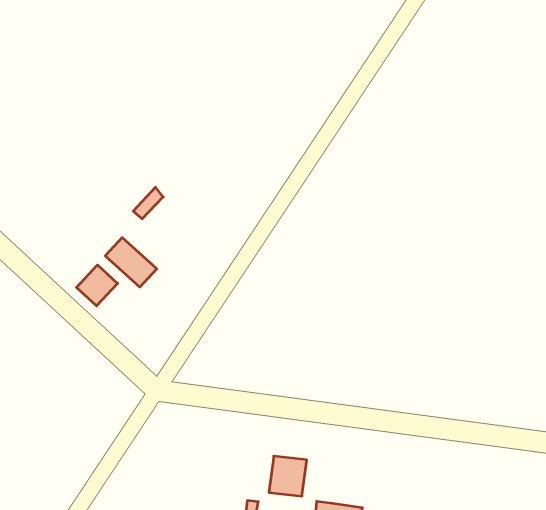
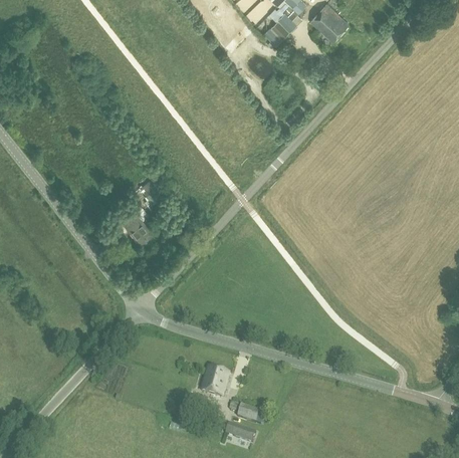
building: [76,265,118,306] -> none

